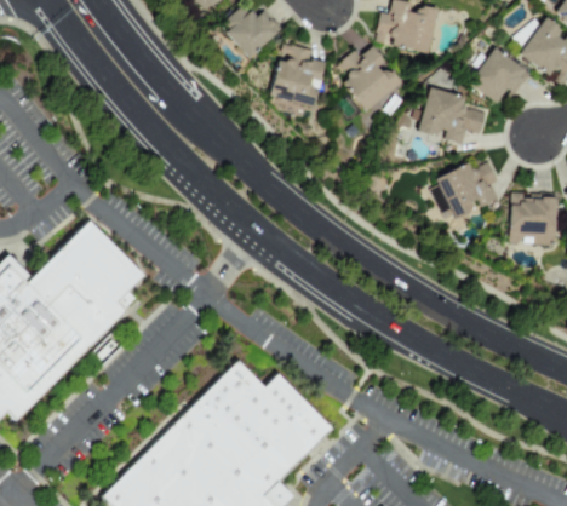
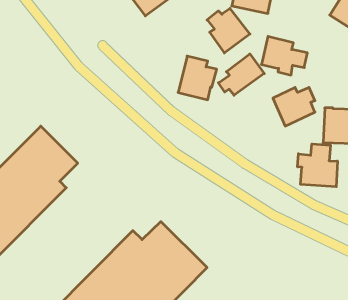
building: [268,42,325,107] -> [178,56,217,100]
building: [466,47,529,104] -> none
building: none -> [218,54,264,95]
building: none -> [298,144,337,187]

